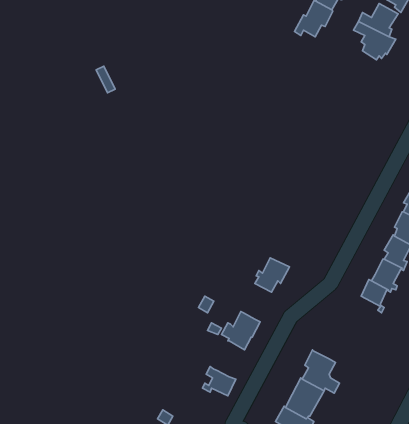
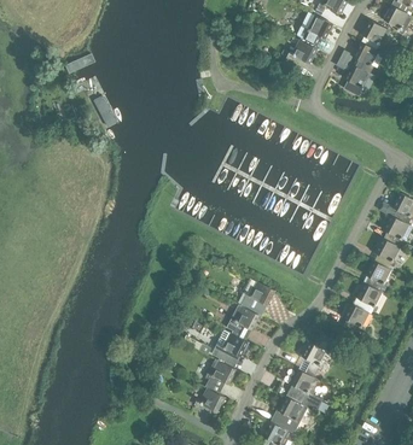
building: none -> [226,304,260,339]
building: none -> [298,340,330,376]
building: none -> [204,358,237,393]

